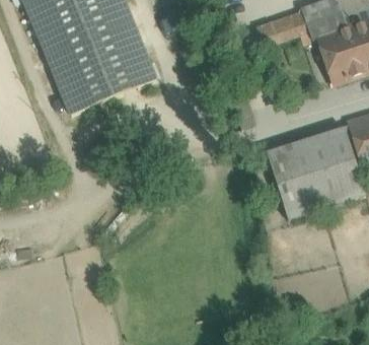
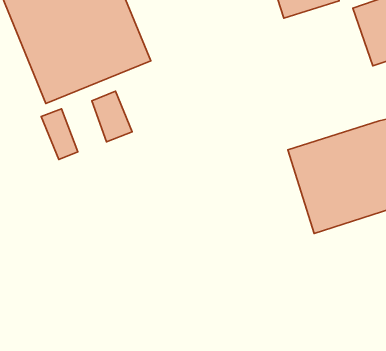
building: none -> [92,91,132,142]
building: none -> [41,109,78,160]

